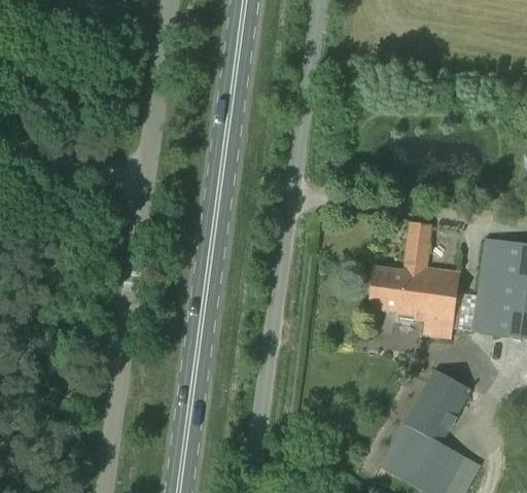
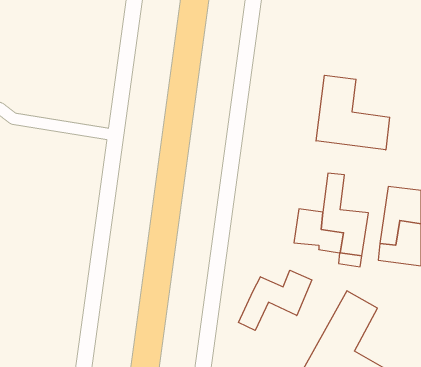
building: none -> [316,75,390,150]
building: none -> [239,270,312,330]

